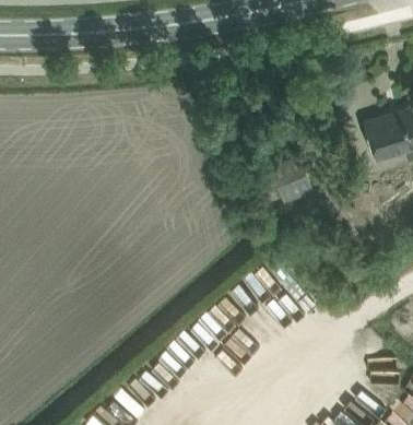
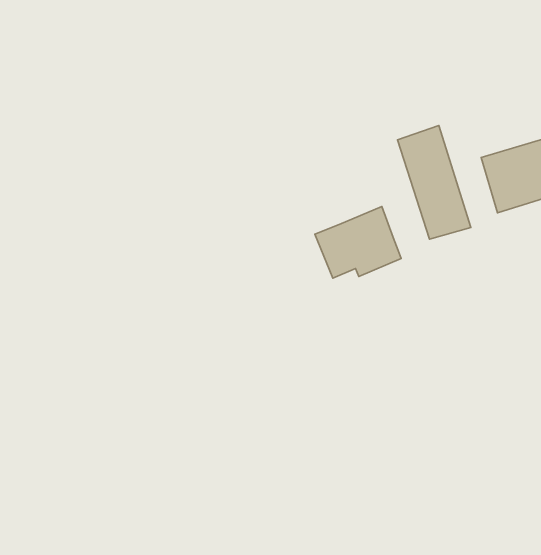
building: none -> [397,126,471,239]

